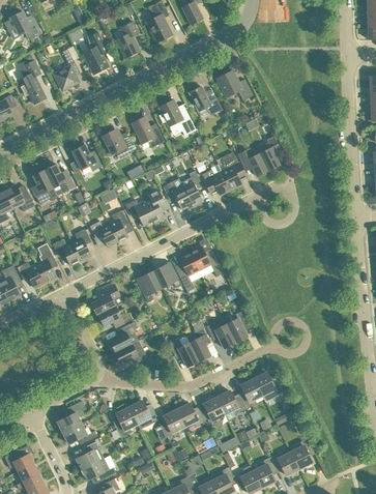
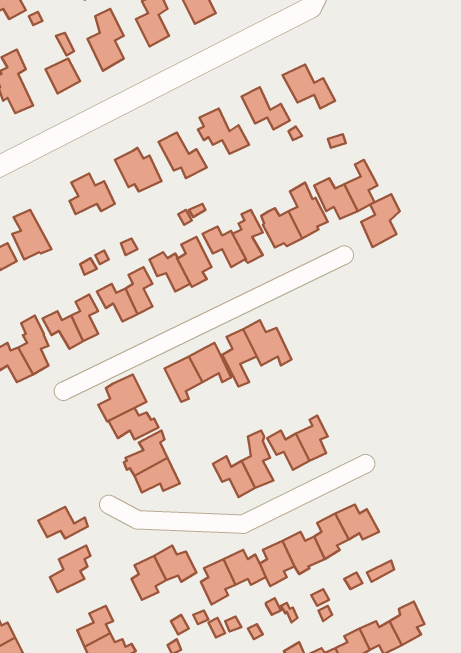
building: none -> [361,194,400,247]
building: [44,164,75,195] -> none
building: [62,423,96,444] -> [38,507,88,539]

